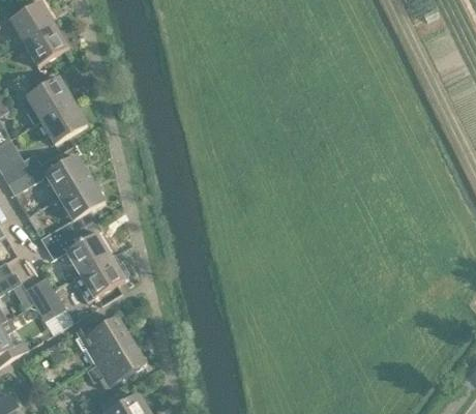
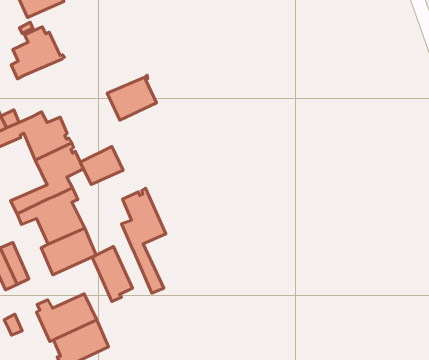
building: [39,98,86,143] -> [107,75,156,120]
building: none -> [80,146,123,185]
building: none -> [121,188,166,293]
building: none -> [92,247,133,302]

